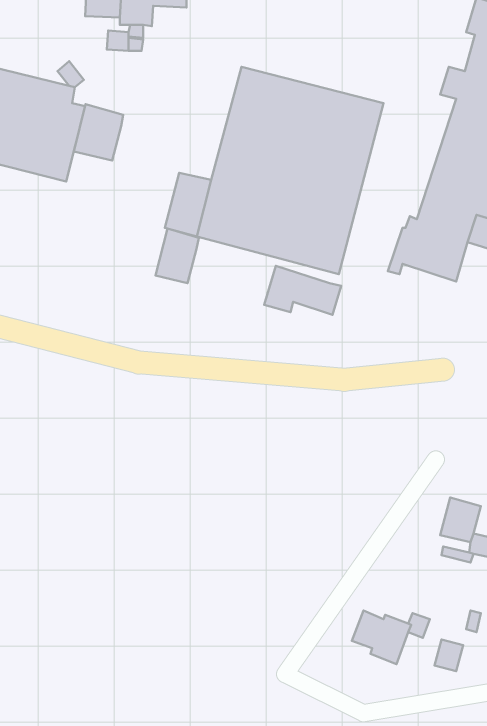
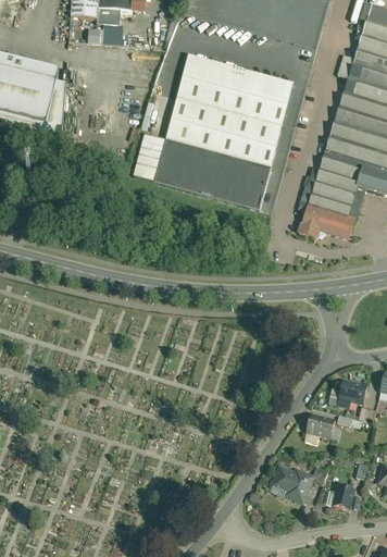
building: [74,104,123,160] -> none
building: [155,228,199,283] -> none
building: [264,266,341,315] -> [300,201,358,238]
building: none -> [305,410,336,436]

